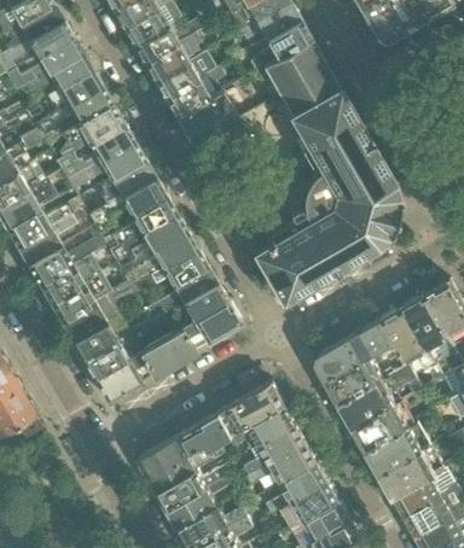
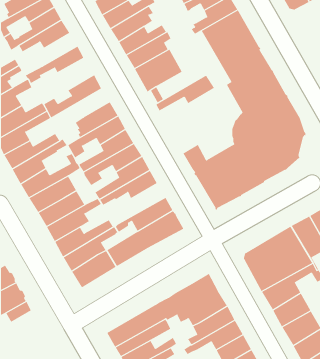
building: [46,69,102,112] -> none
building: [59,101,123,144] -> none
building: [66,141,144,188] -> [155,75,215,111]
building: [146,264,216,319] -> none

